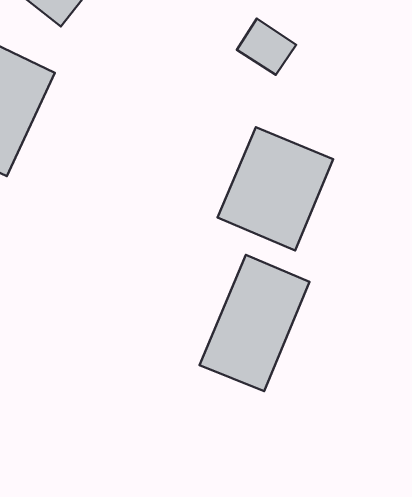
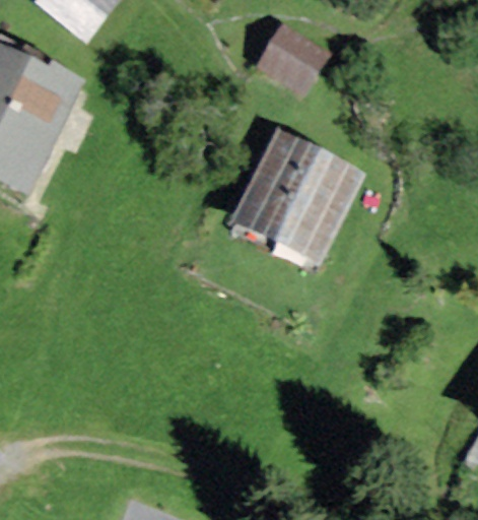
building: [200,255,310,391] -> none

